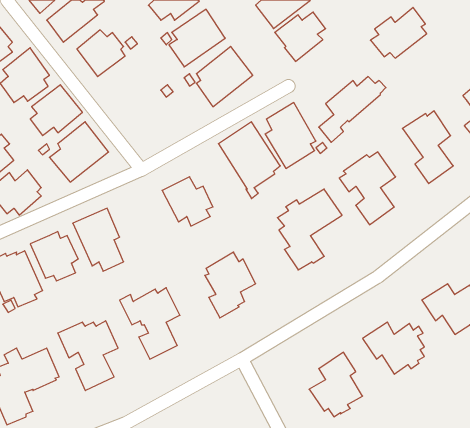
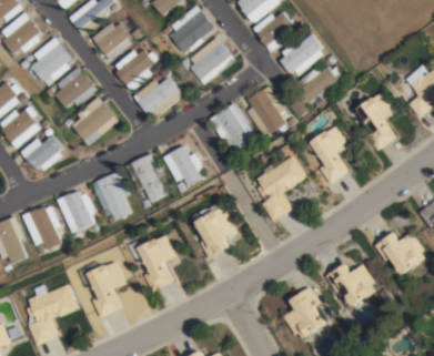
building: [370,7,427,58] -> [279,32,324,73]
building: none -> [115,51,160,93]
building: none -> [135,79,183,119]
building: none -> [124,150,164,200]

